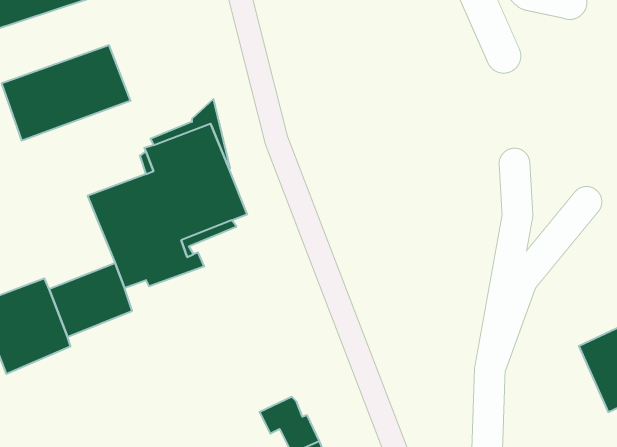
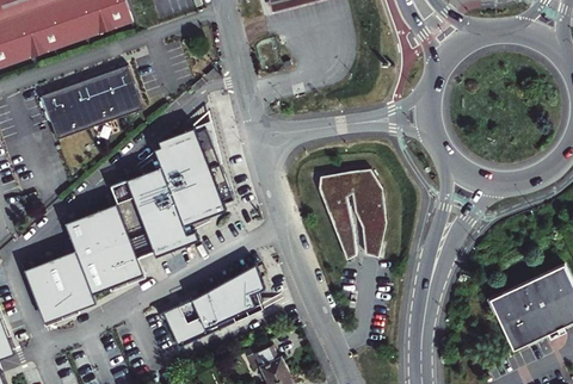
building: none -> [318,171,386,260]
building: none -> [66,202,130,256]
building: none -> [162,262,265,346]

